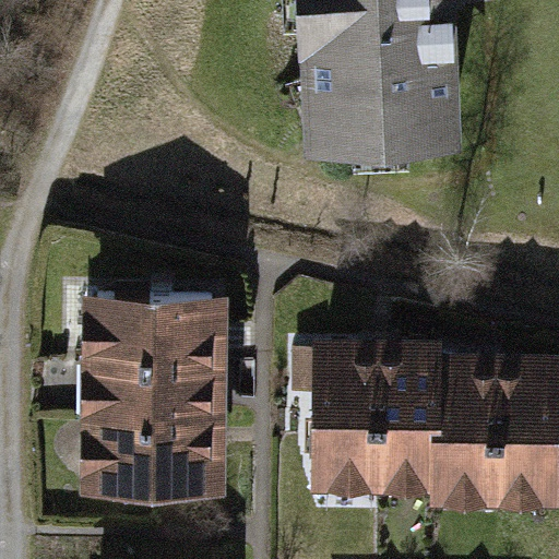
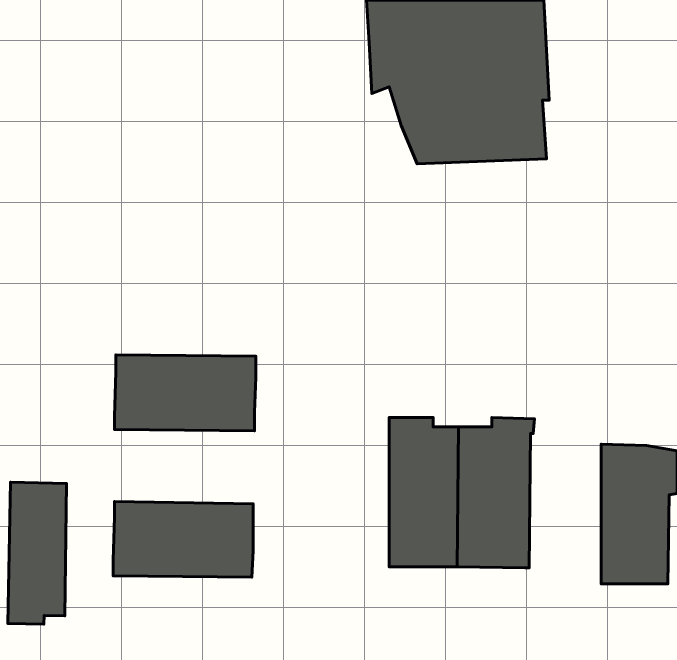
building: [94,369,209,430] -> none
building: [430,372,492,496] -> none
building: none -> [8,482,66,624]

